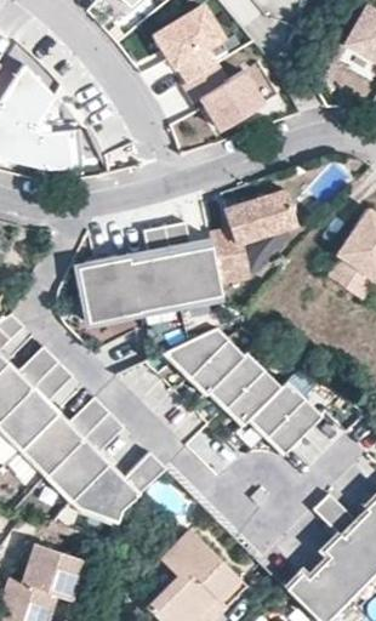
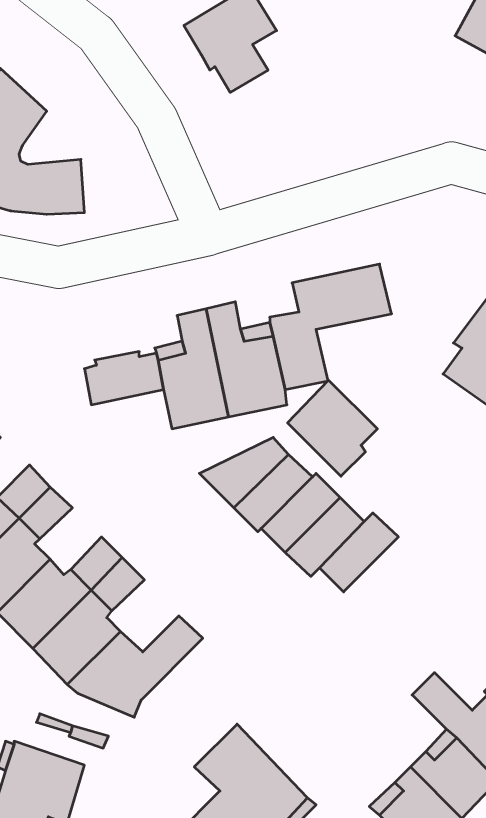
building: [181,65,260,131] -> none
building: none -> [288,380,377,476]
building: [87,292,144,335] -> none
building: [266,397,321,452] -> none

